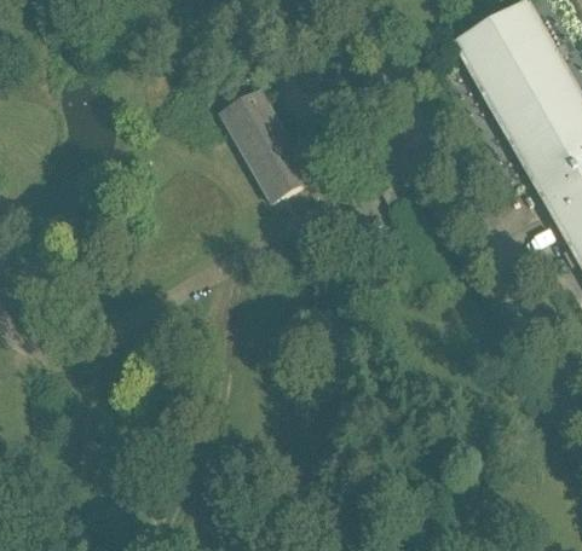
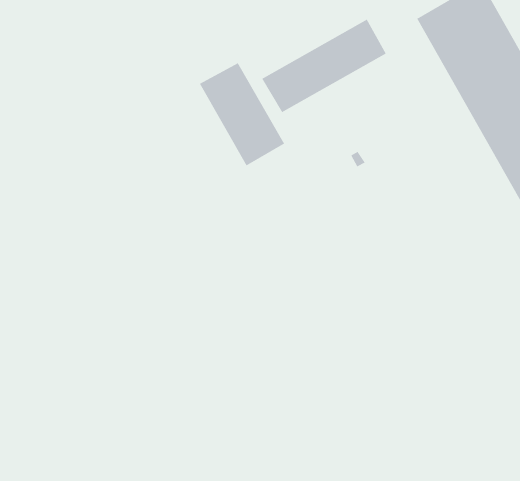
building: none -> [261,18,387,113]

